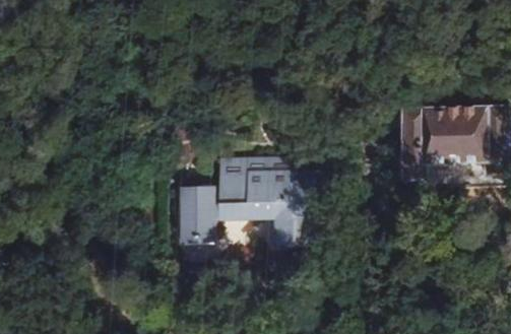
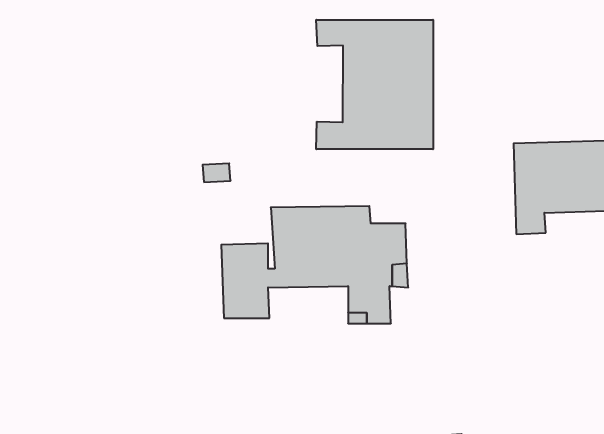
building: none -> [316,20,433,149]

